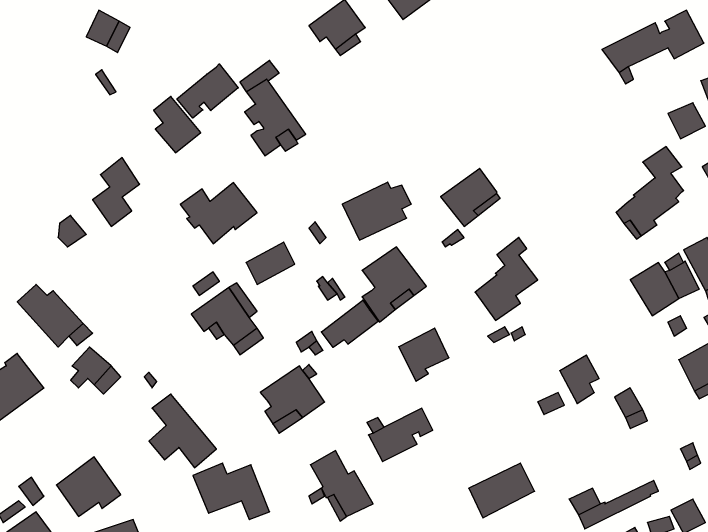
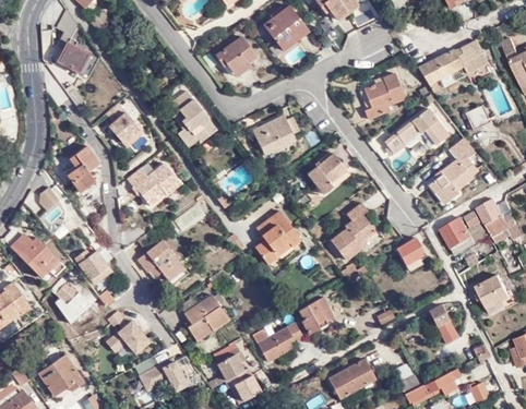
building: none -> [364,73,404,118]
building: [177,64,238,118] -> none
building: none -> [385,107,450,152]
building: [342,182,411,240] -> [252,113,300,154]
building: [321,300,378,347] -> none
building: none -> [76,251,112,285]
building: [399,328,449,381] -> [299,294,334,332]
building: [560,355,599,404] -> [397,238,425,272]

